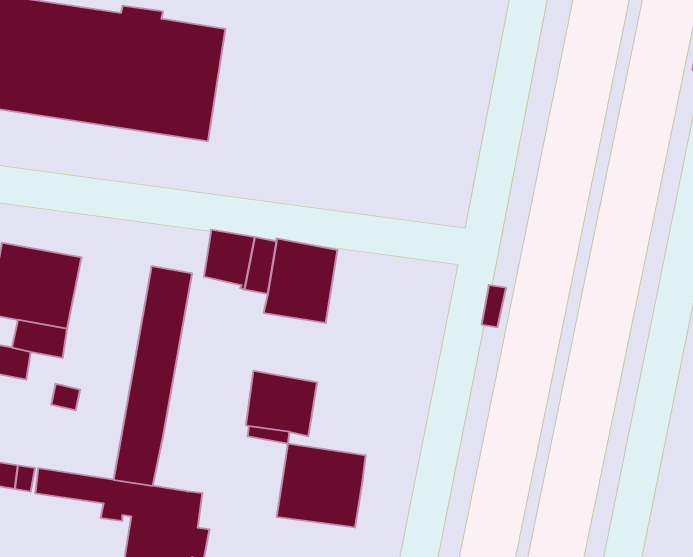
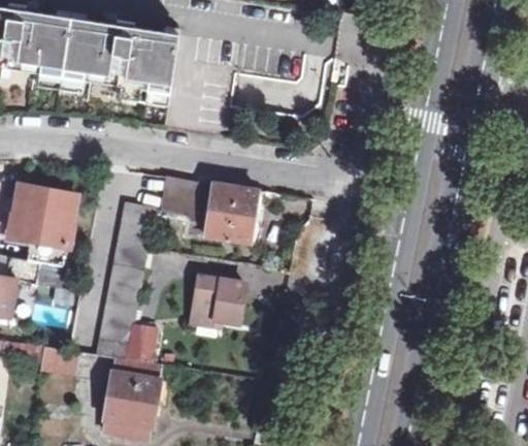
building: none -> [126,321,157,360]
building: [277,444,366,528] -> none

